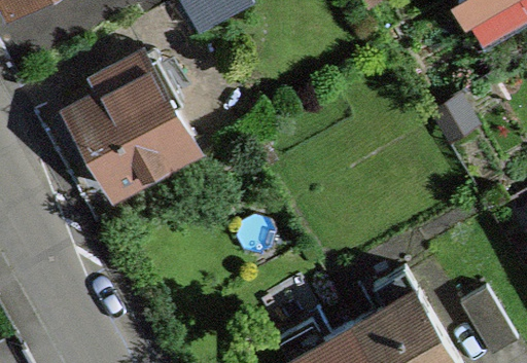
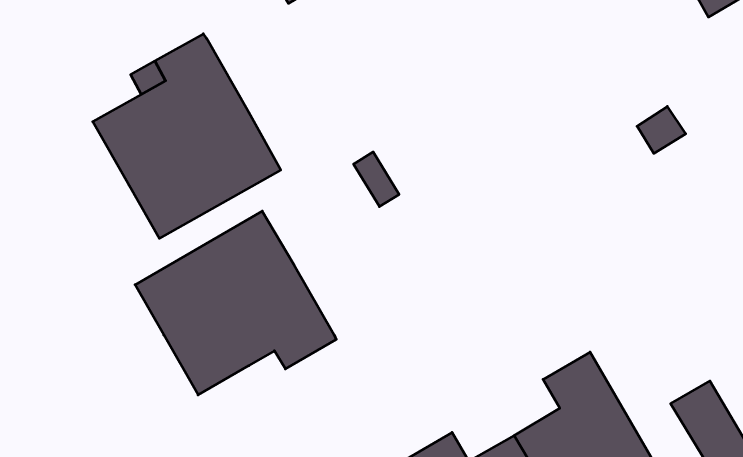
building: none -> [135,211,336,395]

